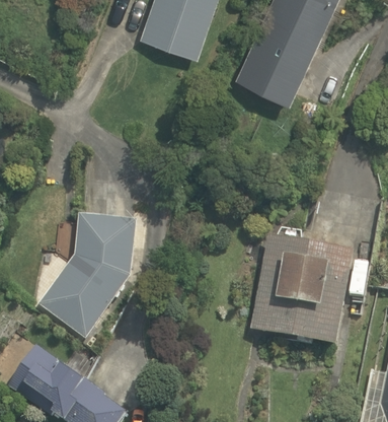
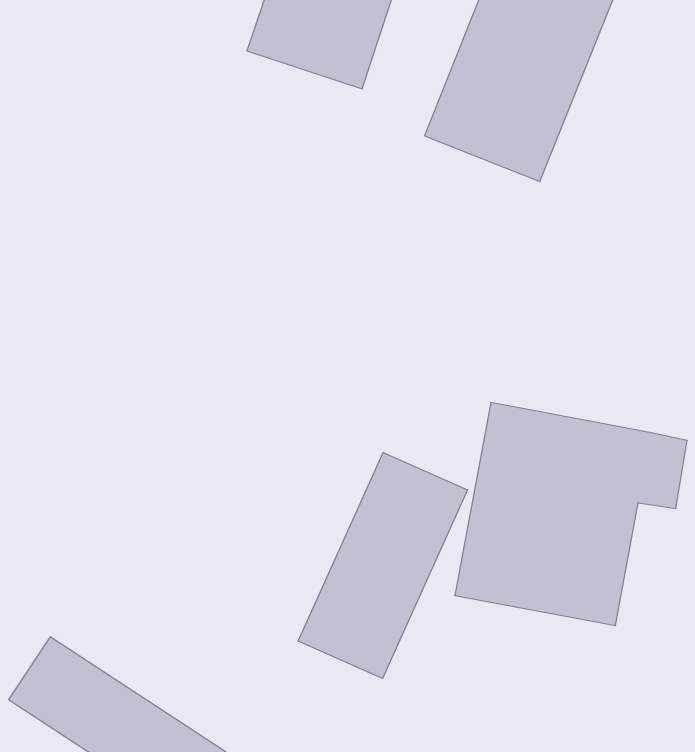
building: [42,219,130,337] -> none
building: none -> [298,452,468,678]

